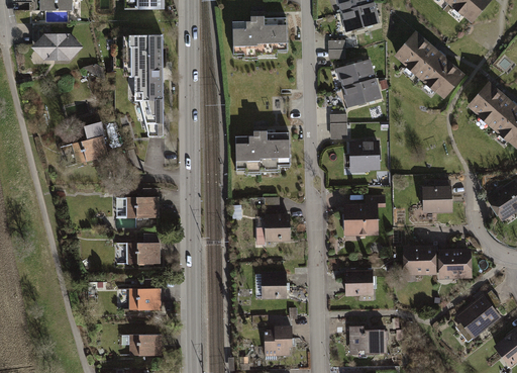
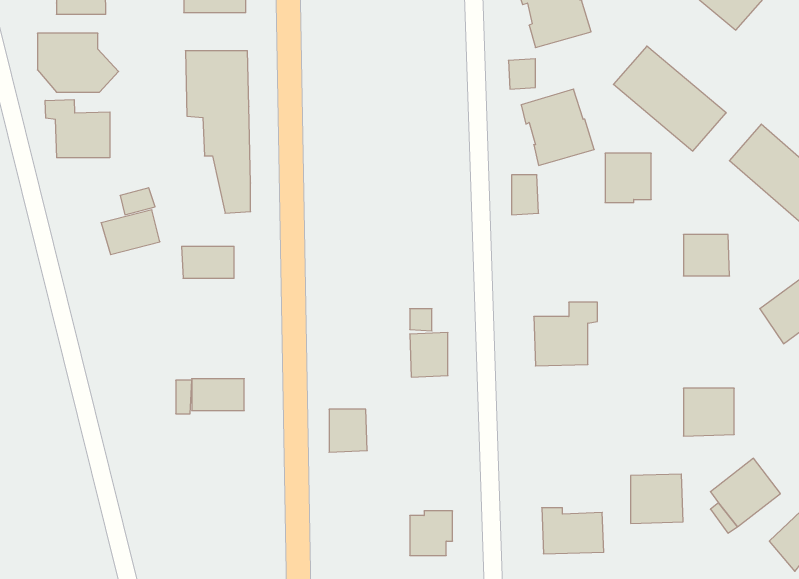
building: [232,13,290,60] -> none
building: none -> [45,100,110,158]
building: [235,128,292,171] -> none
building: [349,141,379,172] -> [605,153,651,203]
building: [423,186,452,212] -> [683,235,730,276]
building: [125,197,159,217] -> [182,246,234,278]
building: [403,244,436,275] -> [631,474,683,523]
building: [344,269,373,300] -> none
building: [262,271,286,298] -> [329,409,367,452]
building: [128,288,162,308] -> none
building: [128,334,162,355] -> none

